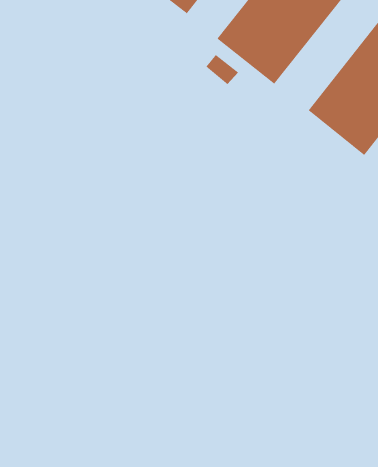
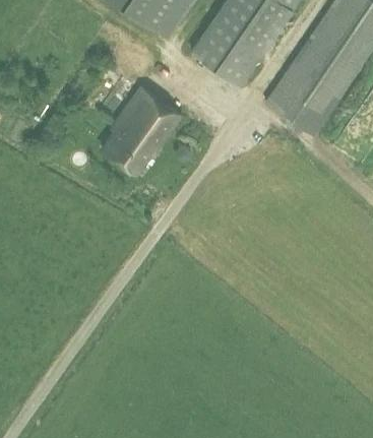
building: none -> [101,86,179,172]

